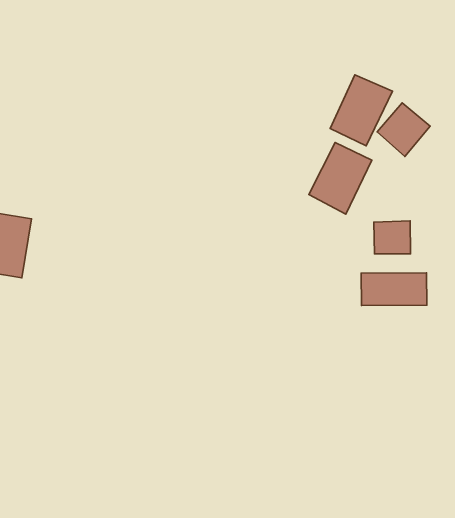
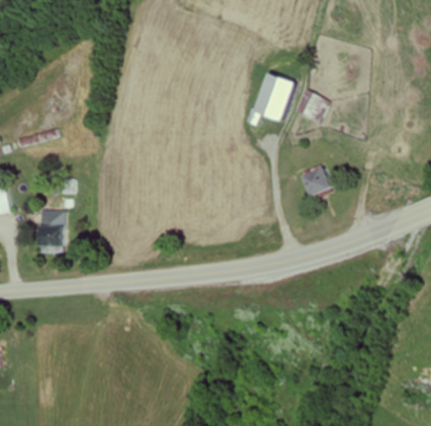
building: [309,143,372,214] -> none
building: [361,273,427,306] -> none

